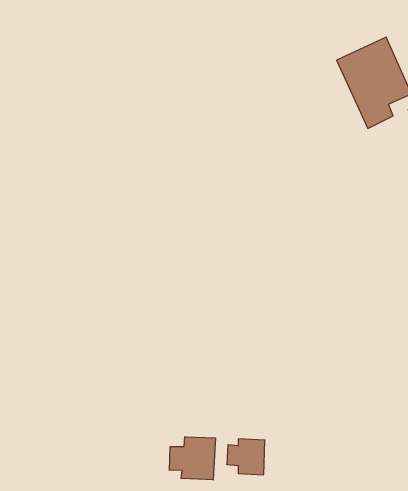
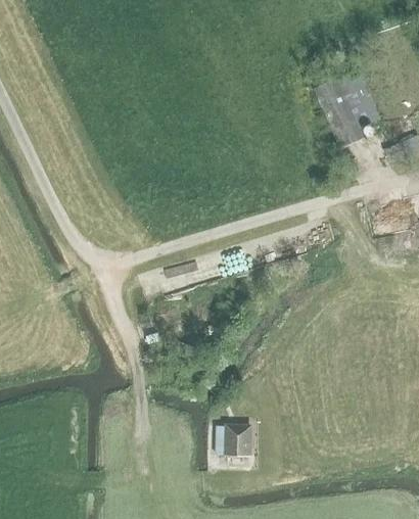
building: [169,437,215,480] -> none

